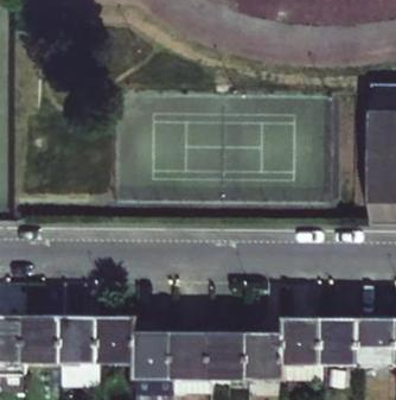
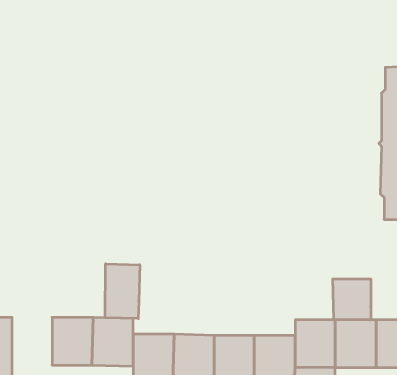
building: none -> [105,264,140,319]
building: none -> [333,279,371,320]
building: [26,317,63,361] -> none

